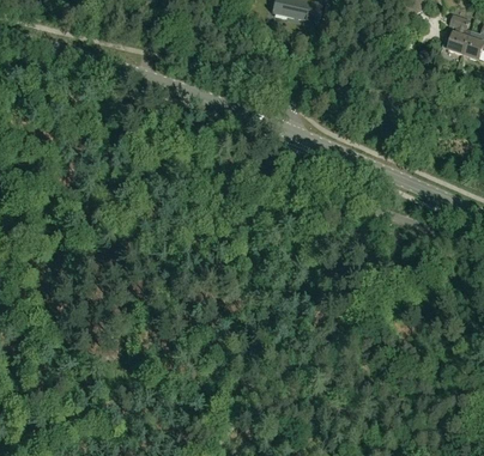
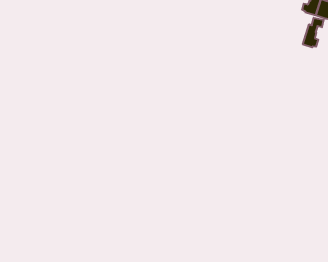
building: none -> [303,18,324,47]

